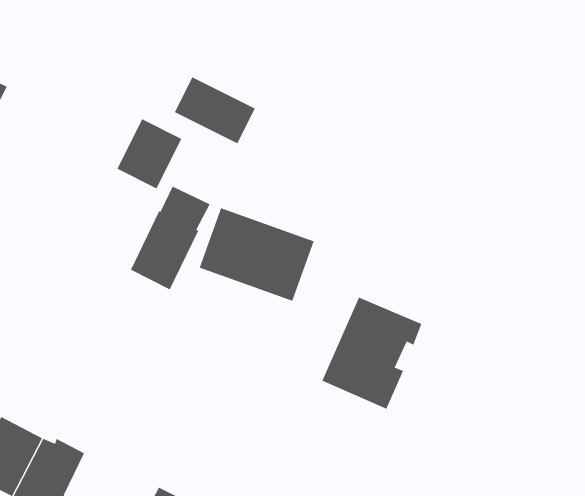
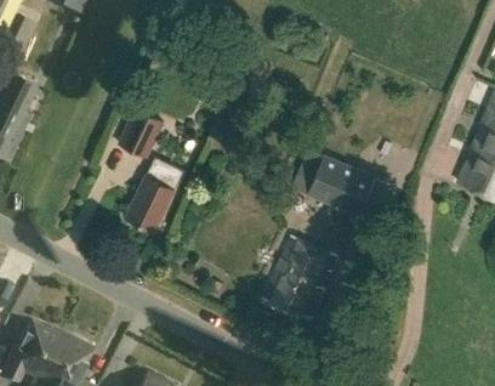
building: [174,76,255,144] -> none
building: [199,207,315,302] -> [298,152,382,220]

